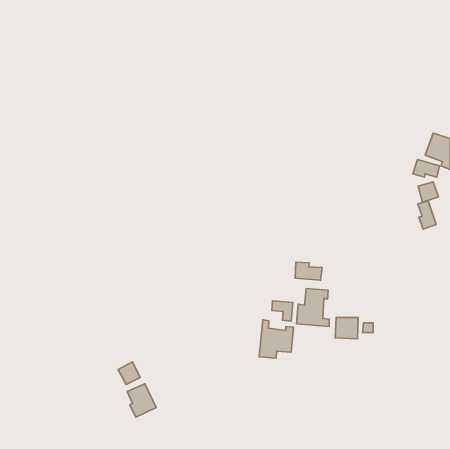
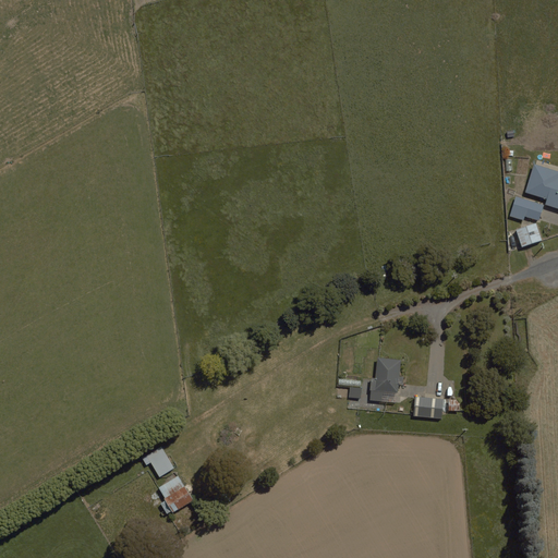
building: [418,201,436,229] -> none
building: [295,262,322,280] -> none
building: [259,320,294,358] -> none

